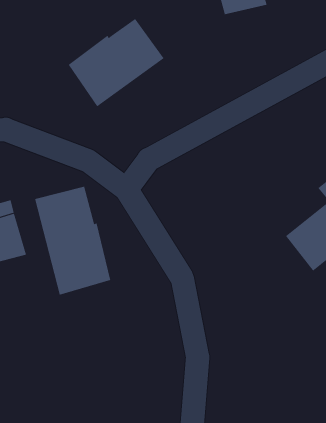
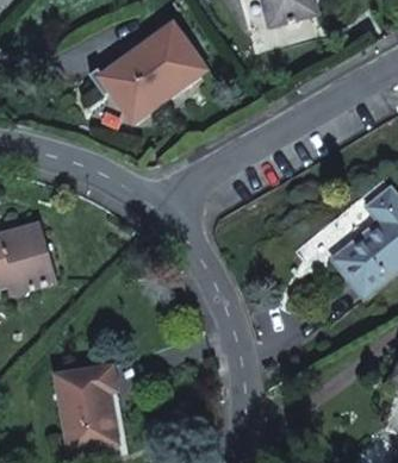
building: [35,186,111,295] -> none
building: none -> [55,367,118,452]

